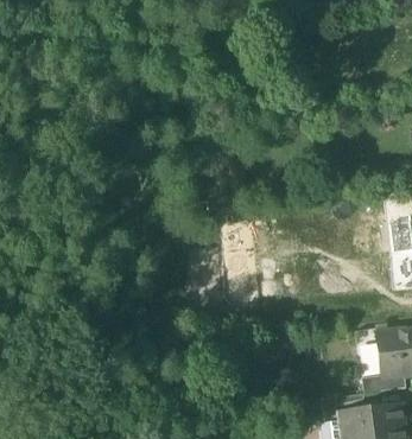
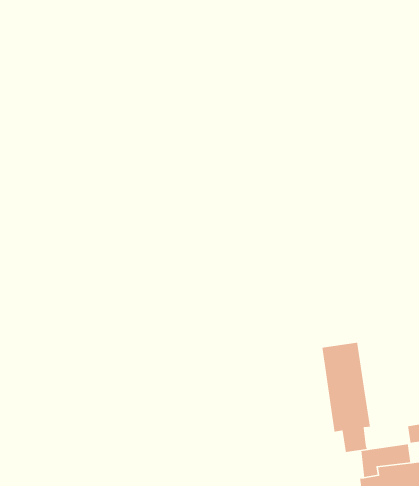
building: none -> [322,342,371,453]

